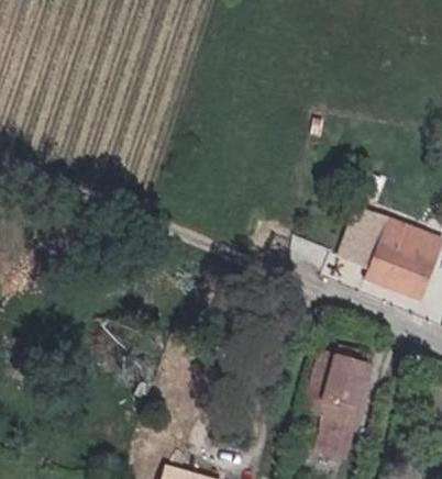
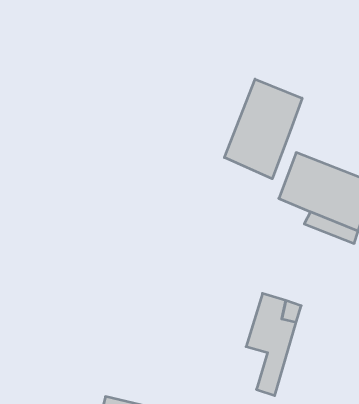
building: none -> [224,79,302,179]

